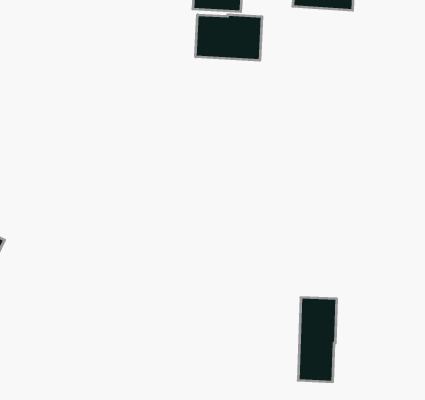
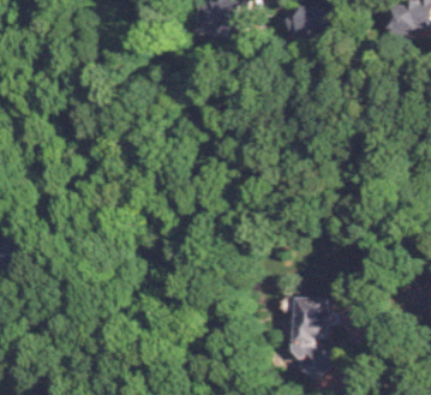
building: [196,15,262,60] -> none

